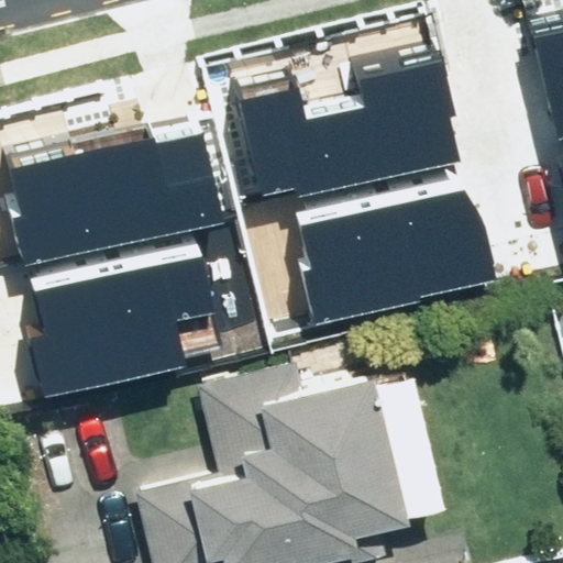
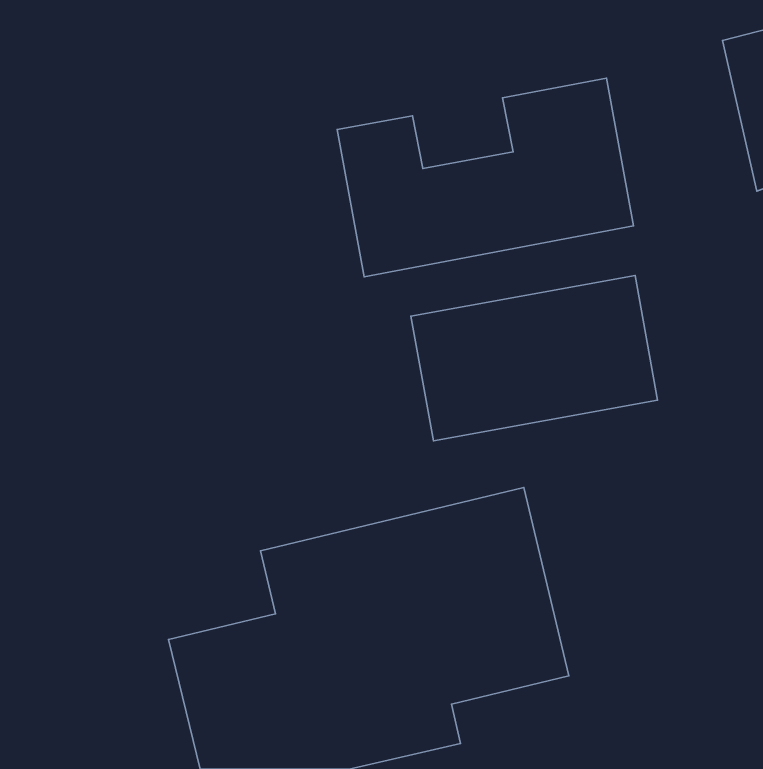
building: [15,121,239,274] -> none
building: [30,254,219,399] -> none

